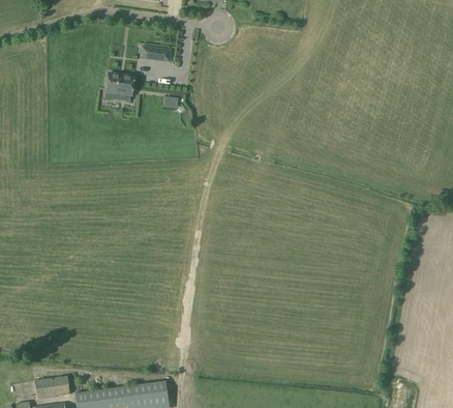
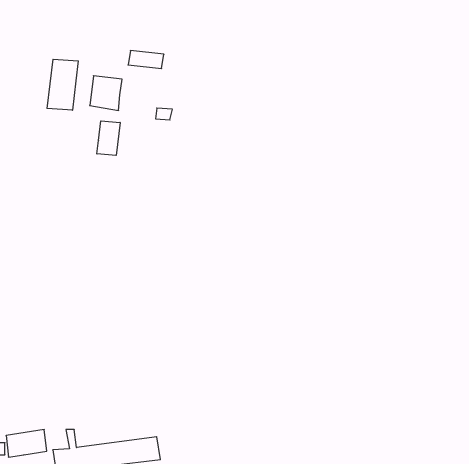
building: none -> [47,59,78,110]
building: none -> [97,121,120,155]

